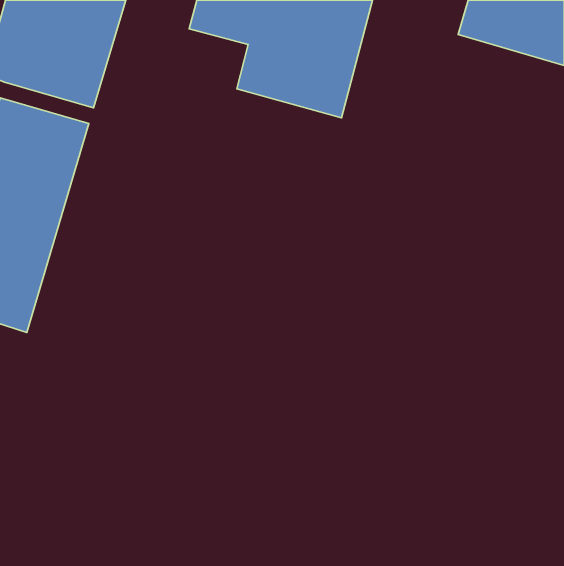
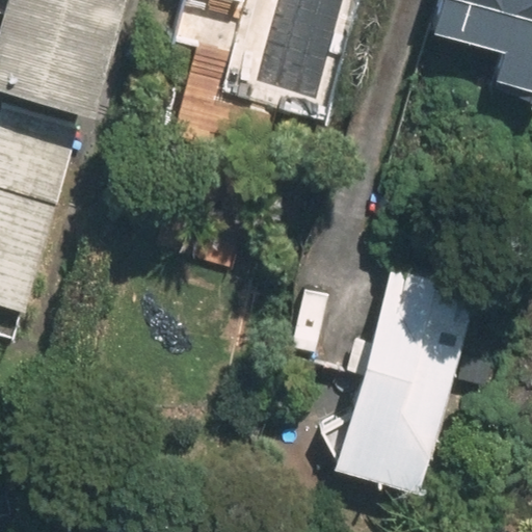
building: none -> [343,254,474,474]

